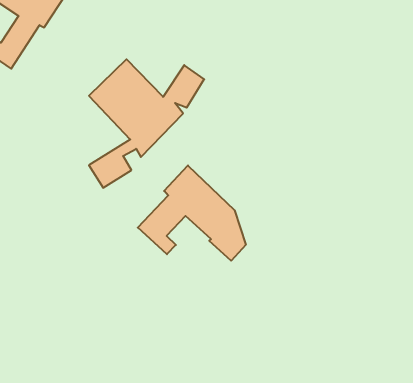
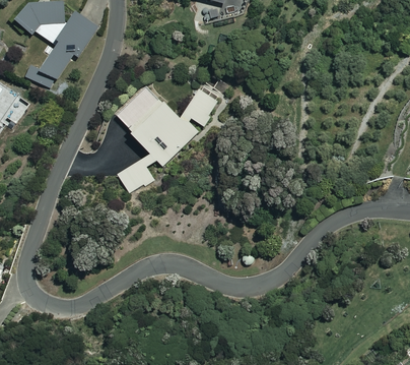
building: [138,165,246,261] -> none

